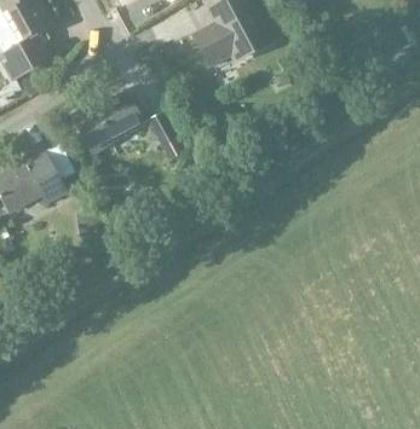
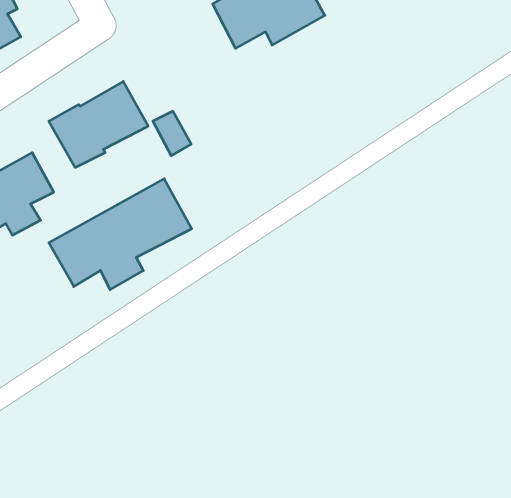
building: none -> [49,179,192,290]

